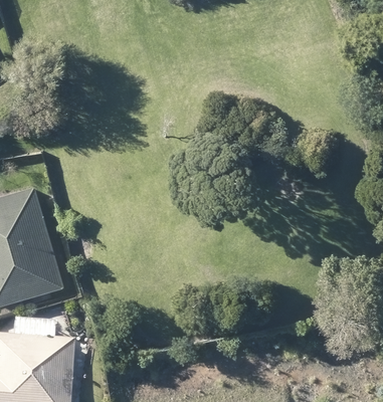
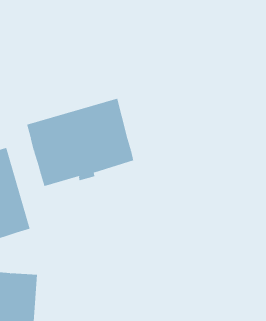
building: none -> [27,98,134,187]

